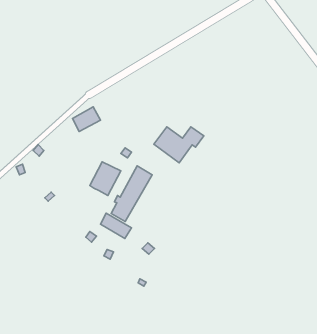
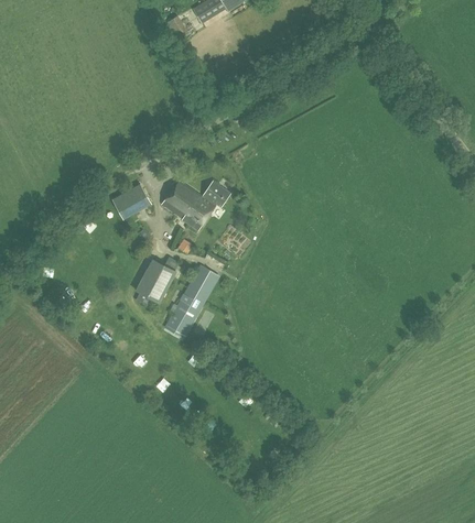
building: [154,127,204,163] -> [162,181,229,229]
building: [100,213,131,239] -> none

